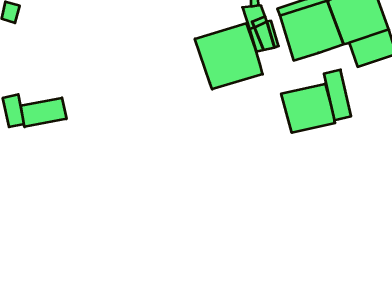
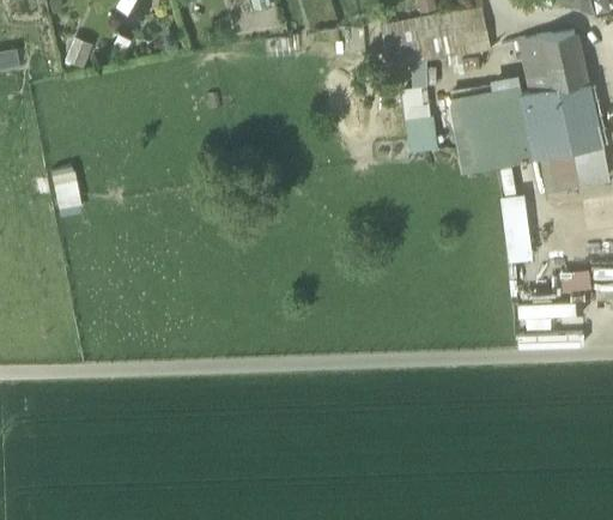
building: [195,23,263,89] -> none
building: [281,84,335,133] -> none
building: [21,98,66,127] -> none

